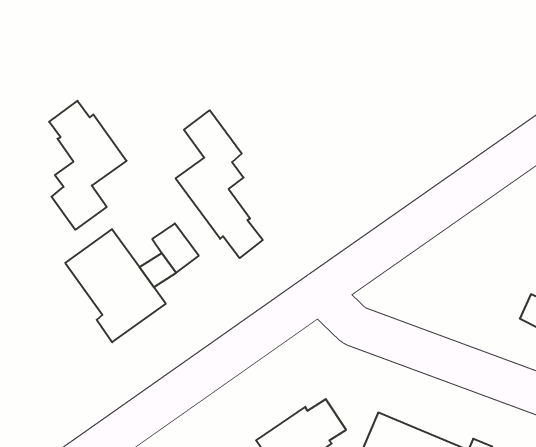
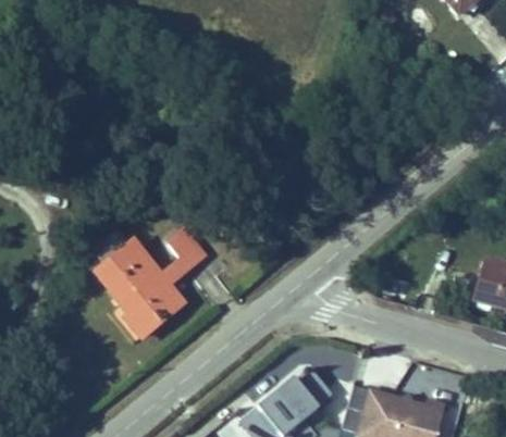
building: [49,101,127,230] -> none
building: [176,110,263,258] -> none

